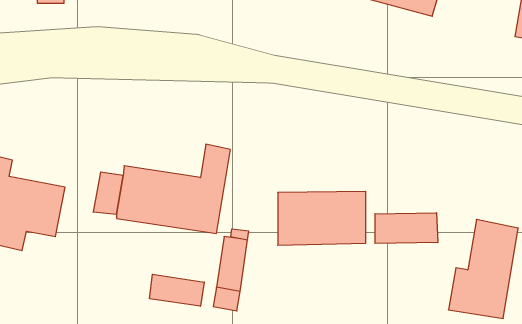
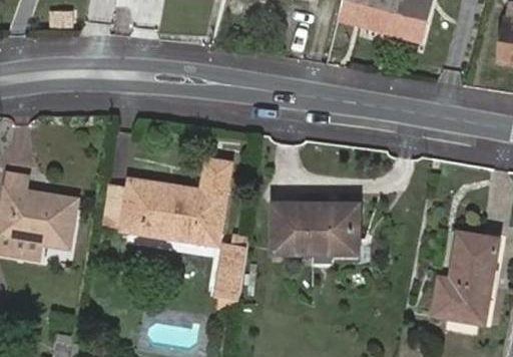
building: [375,213,438,243] -> none
building: [150,274,204,306] -> none

